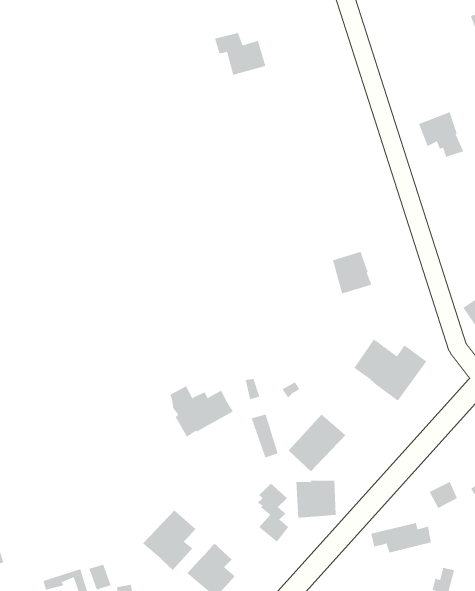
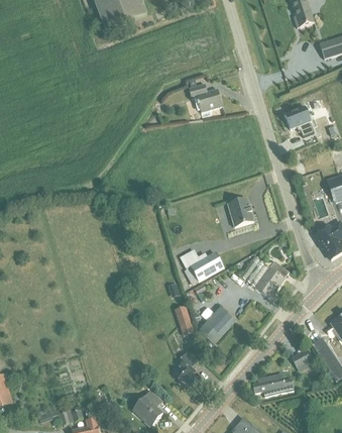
building: [214,32,266,75] -> [189,84,223,112]
building: [170,385,234,438] -> [182,249,224,284]
building: [296,480,336,518] -> none
building: [142,510,197,571] -> none

